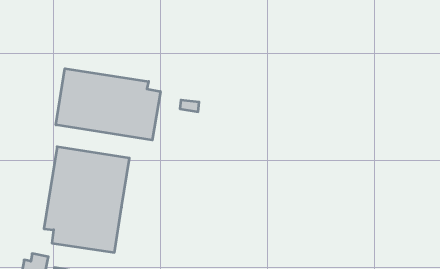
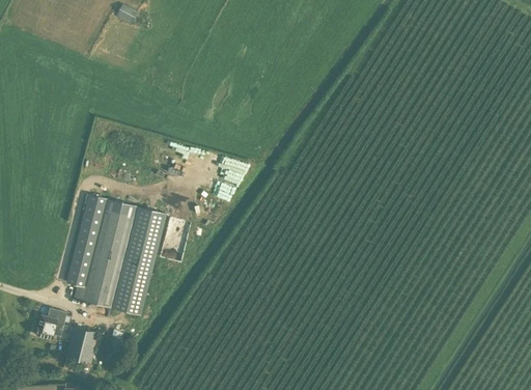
building: [56,69,160,140] -> none

